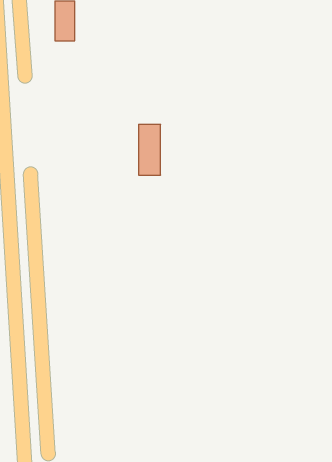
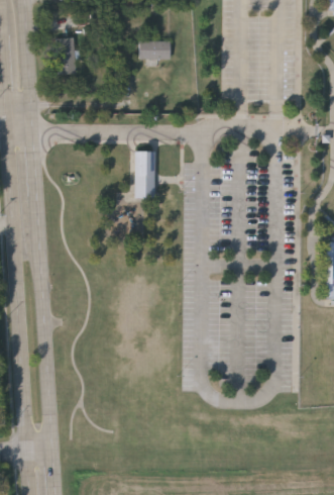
building: none -> [140,41,171,60]

